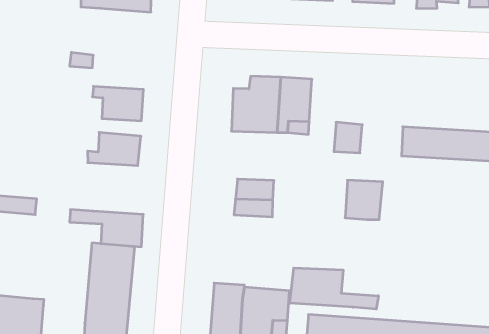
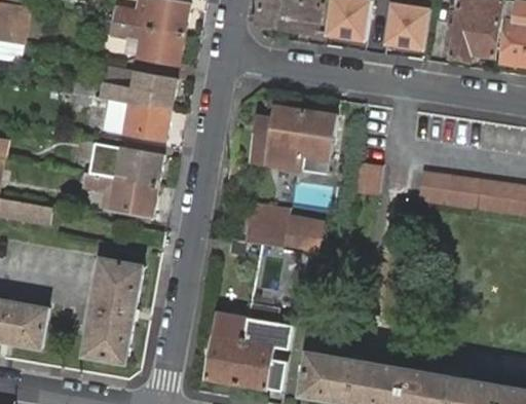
building: none -> [130,25,183,64]
building: none -> [101,72,174,110]
building: [345,180,383,220] -> [283,213,324,255]
building: [70,210,143,247] -> [80,173,154,217]
building: [290,268,378,309] -> none

